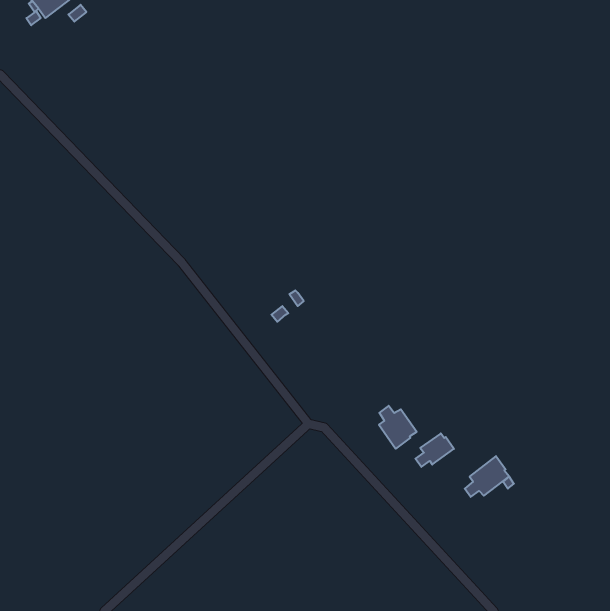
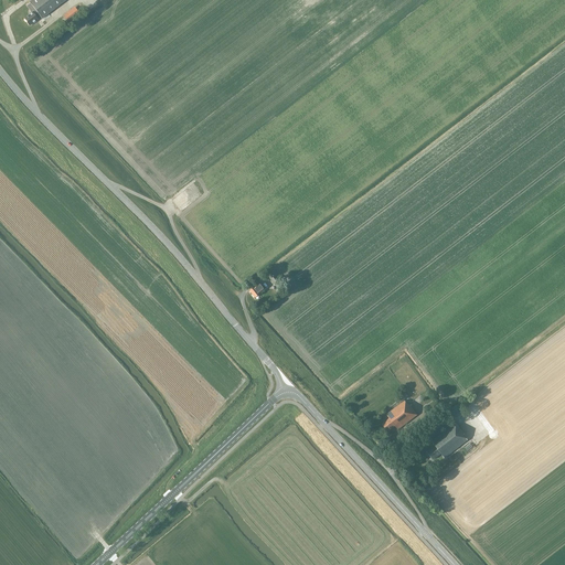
building: [379,406,417,449] -> none

